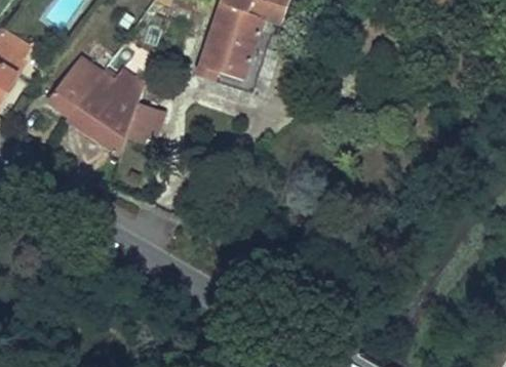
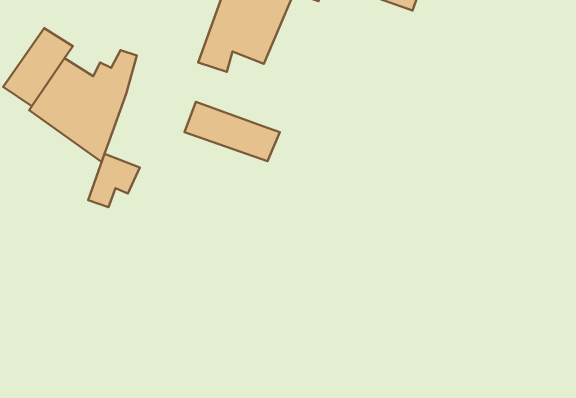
building: [126,104,165,144] -> [88,154,140,207]
building: none -> [185,102,280,161]

